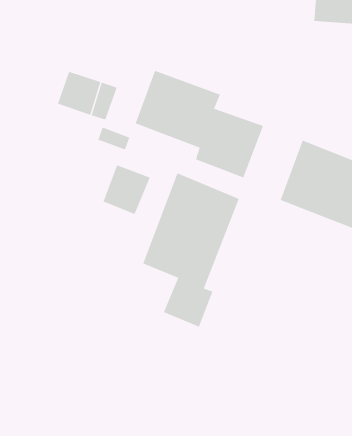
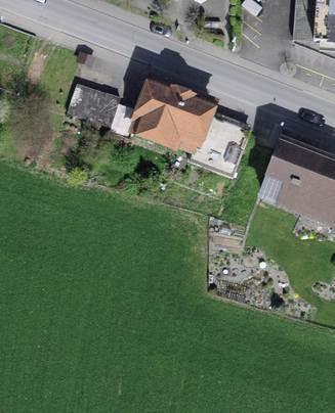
building: [103,164,150,215] -> none
building: [142,172,239,328] -> none

